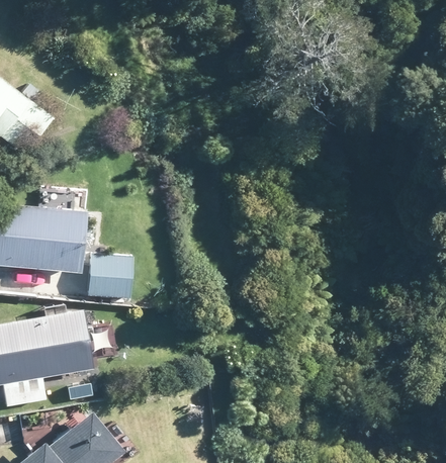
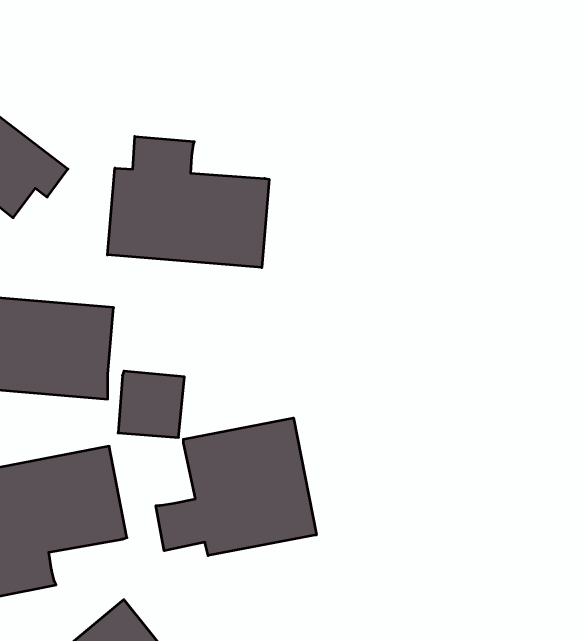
building: none -> [107,136,269,268]
building: none -> [156,418,316,556]

